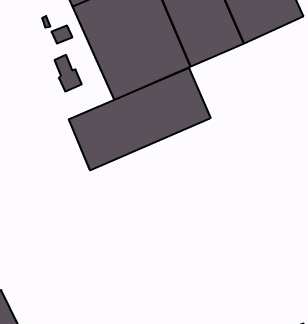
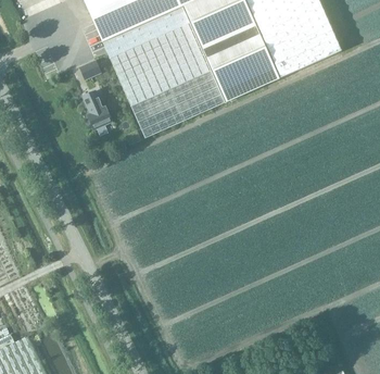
building: [69,68,211,170] -> none

